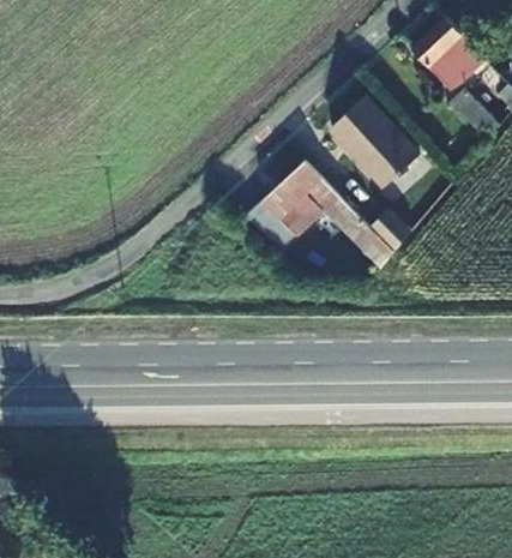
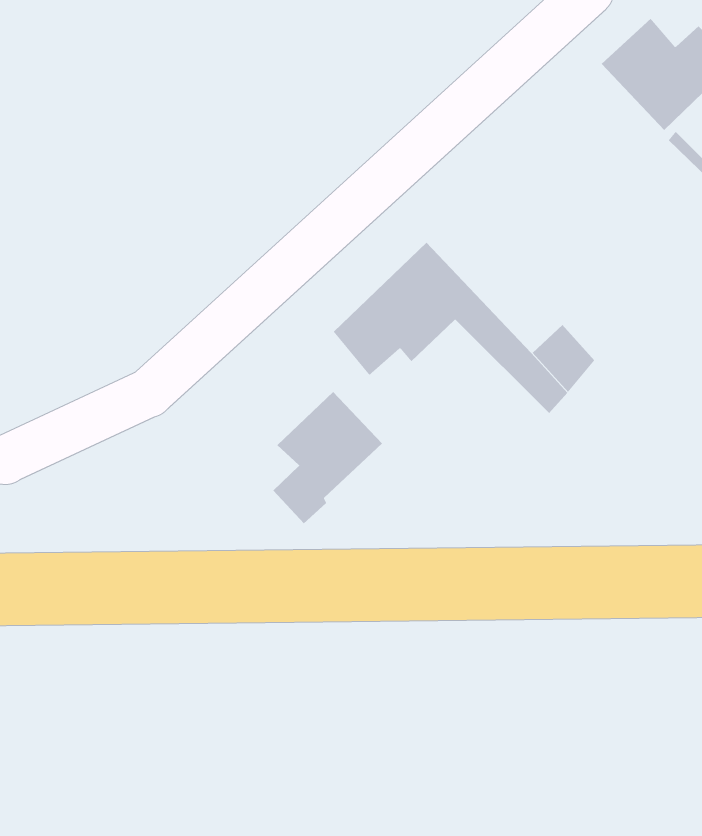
building: [333,100,417,186] -> none
building: none -> [273,391,383,524]

